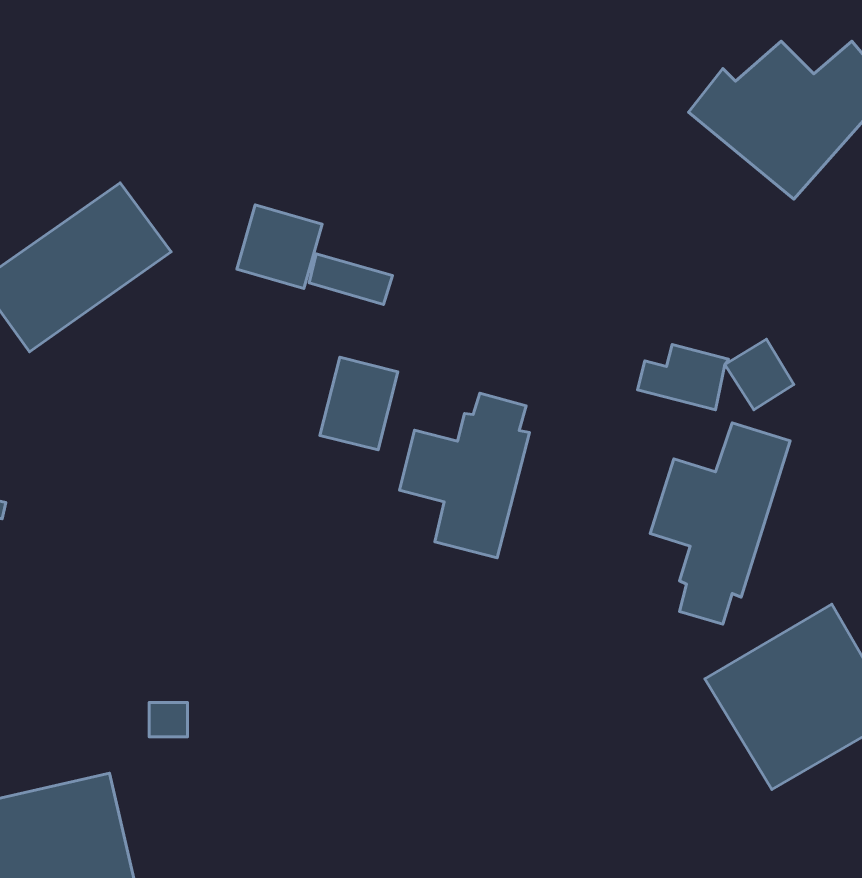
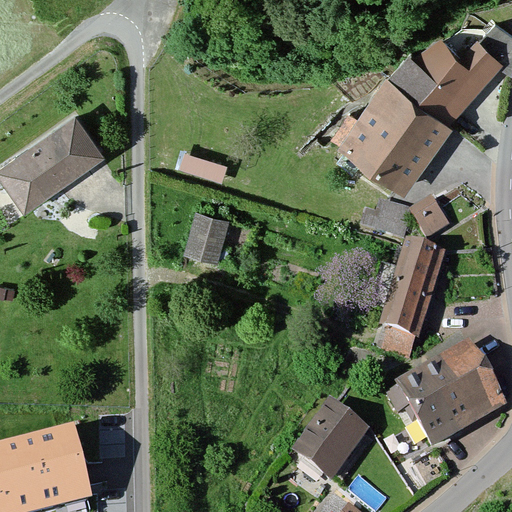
building: none -> [331,73,451,191]
building: [237,205,322,288] -> none
building: [399,393,529,558] -> none
building: none -> [298,406,375,487]

